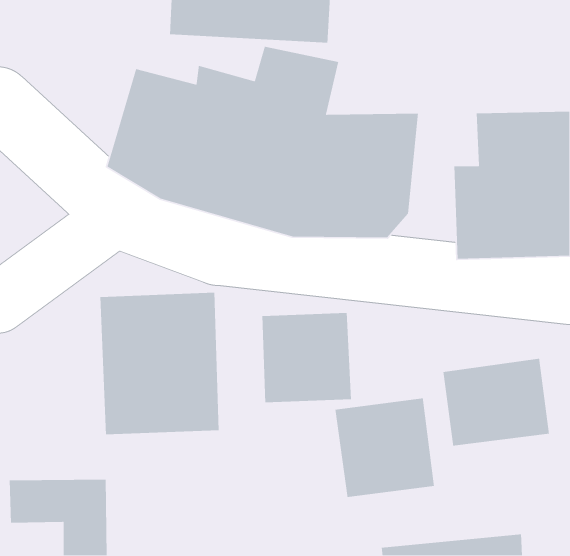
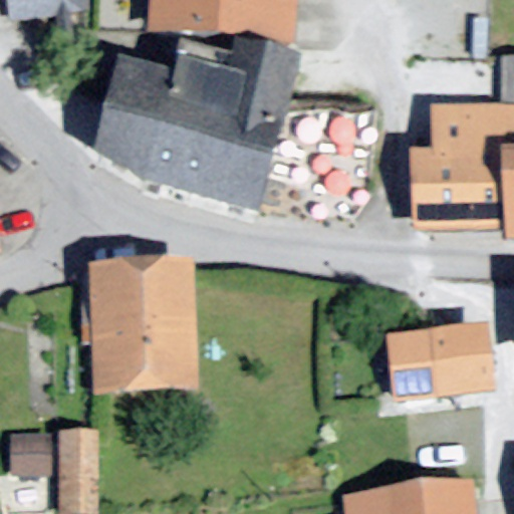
building: [262,312,352,403] -> none
building: [335,397,435,498] -> none

